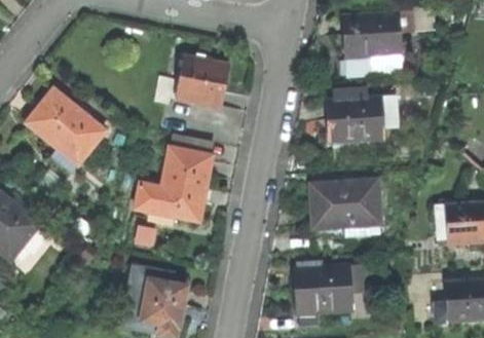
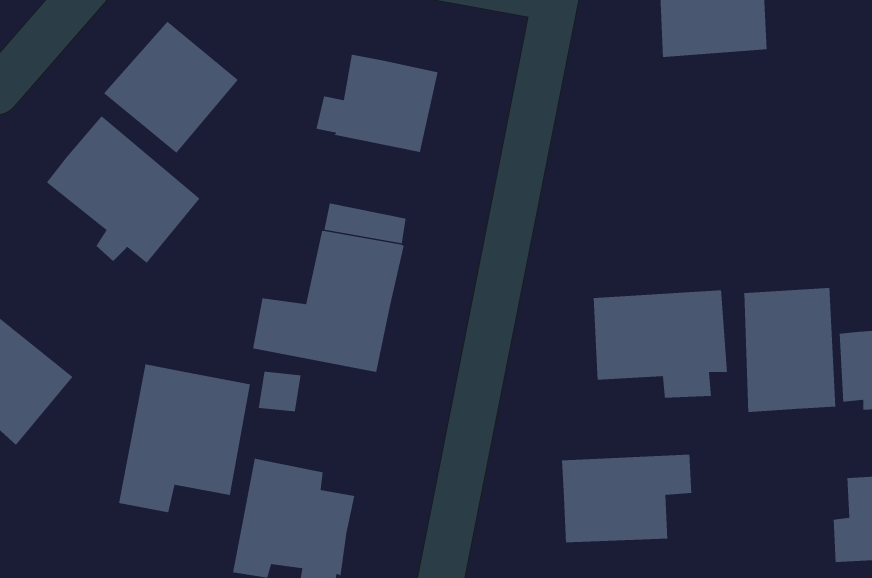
building: none -> [103,21,239,154]
building: [327,92,383,143] -> none
building: none -> [743,287,836,413]
building: none -> [118,364,251,513]

